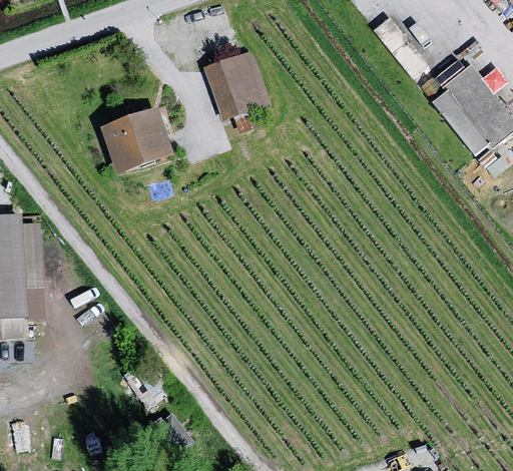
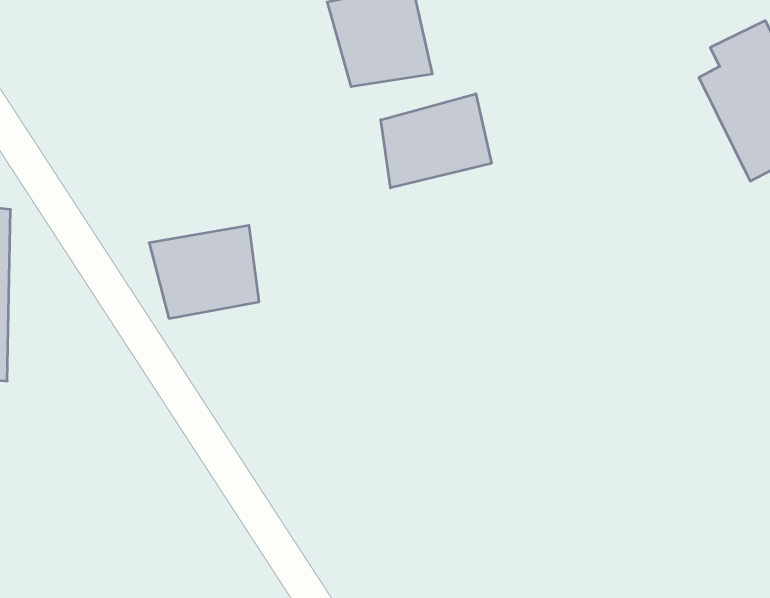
building: [97,110,168,172] -> [149,225,259,318]
building: none -> [381,94,491,188]

